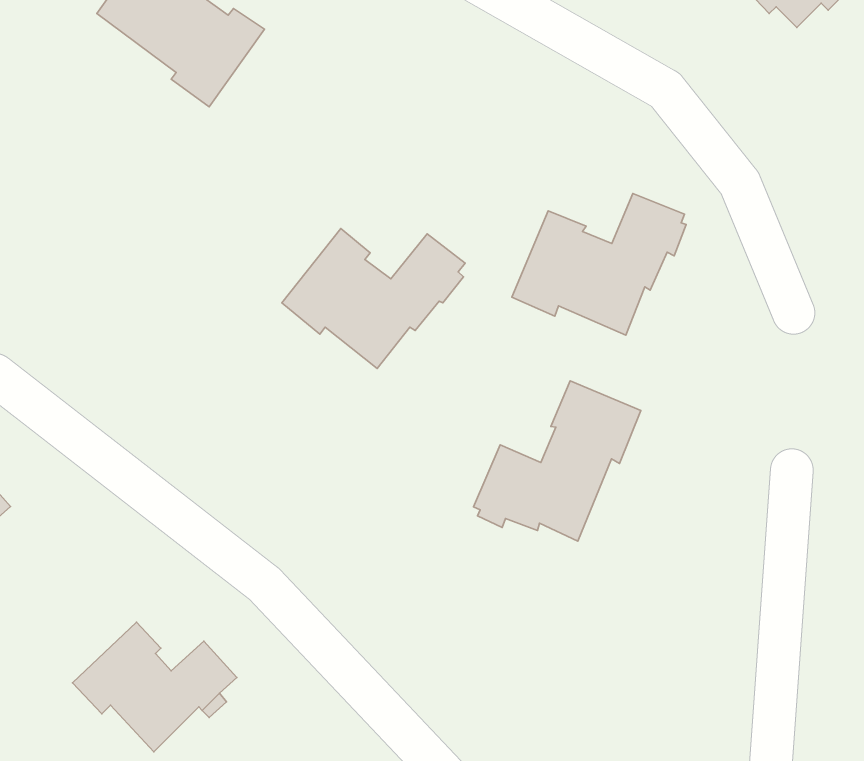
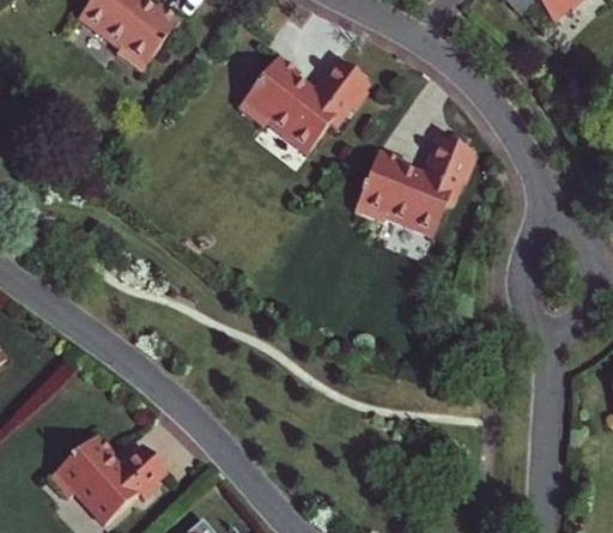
building: [282,229,465,369] -> [238,54,365,151]
building: [473,381,641,541] -> none

